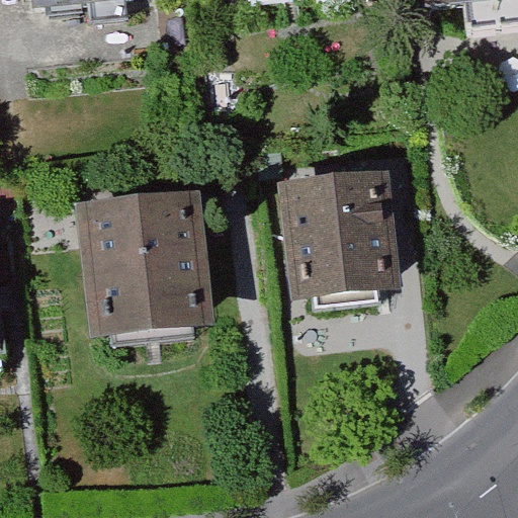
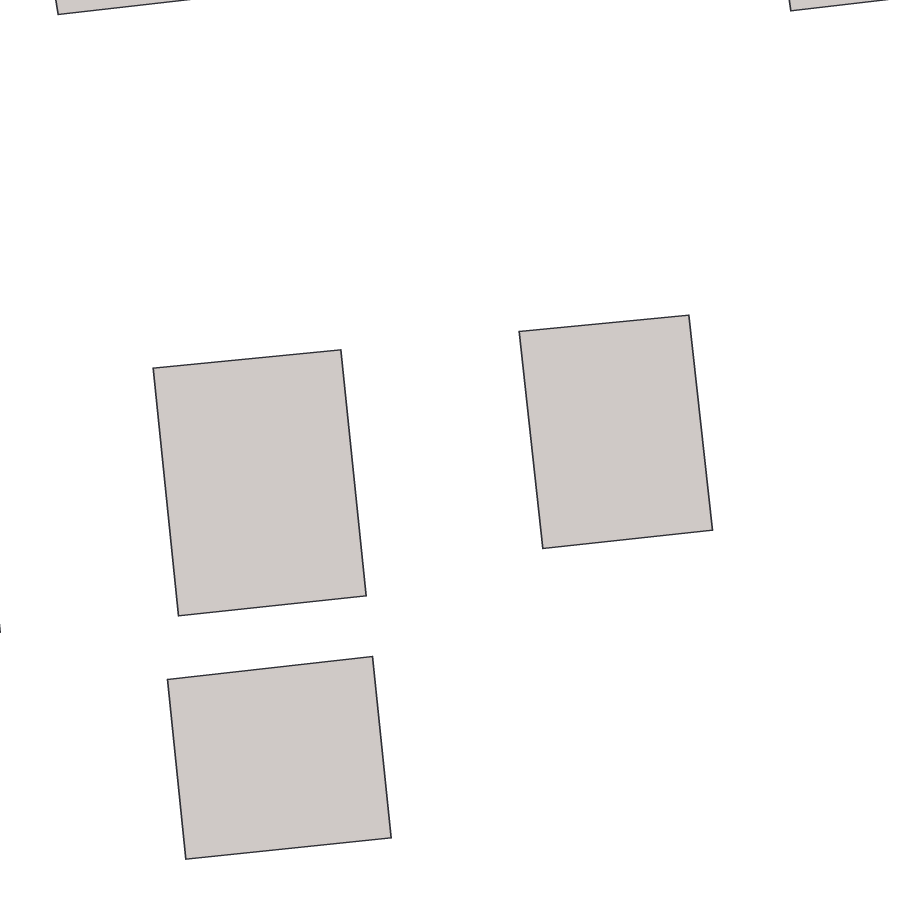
building: none -> [168,657,391,859]

